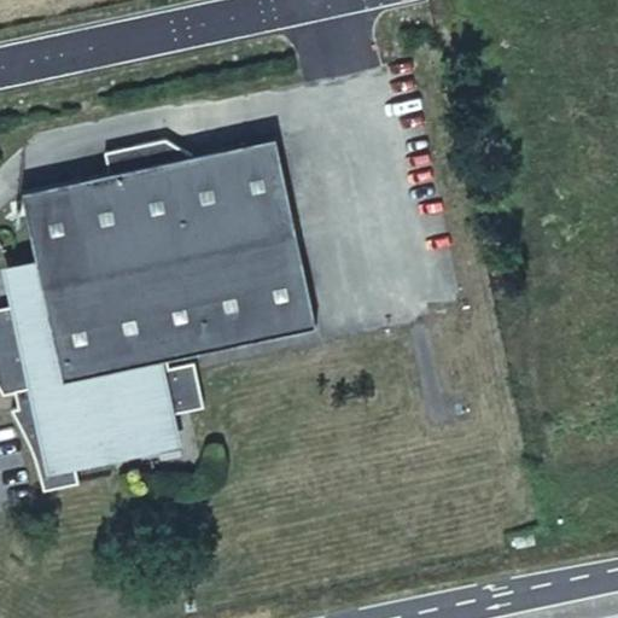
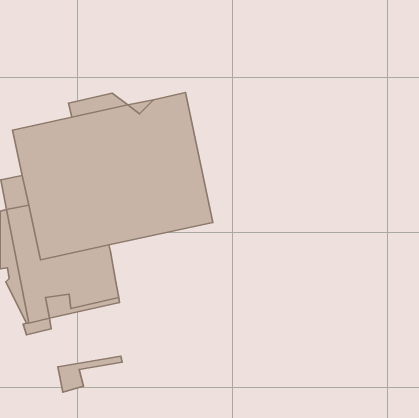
building: [165,367,202,415] -> none
building: none -> [58,356,122,392]

